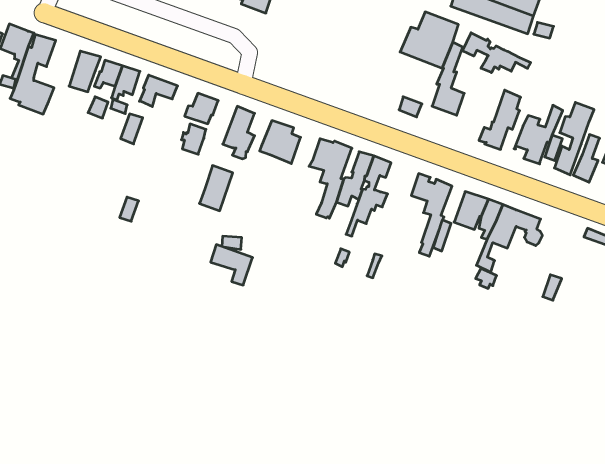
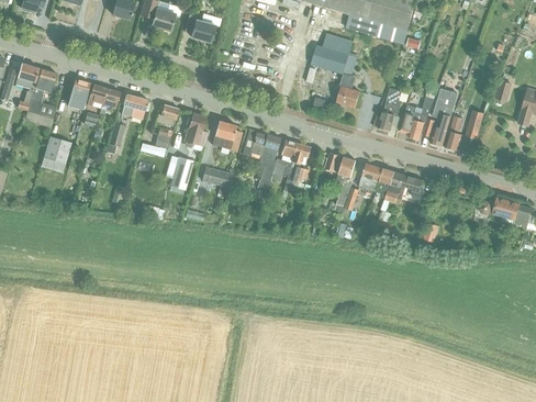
building: [463,33,531,73] -> none
building: none -> [41,136,70,171]
building: [211,245,253,285] -> [201,167,232,196]

